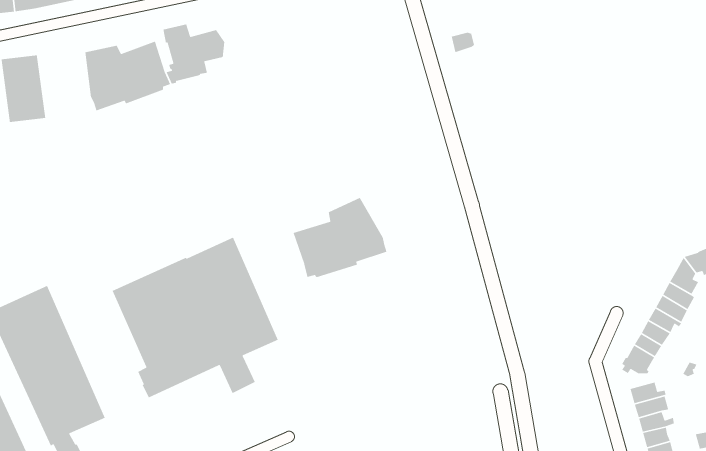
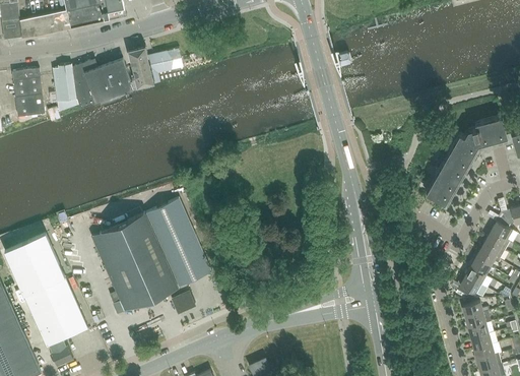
building: none -> [53,64,76,102]
building: none -> [426,116,507,204]
building: [293,197,388,278] -> none

